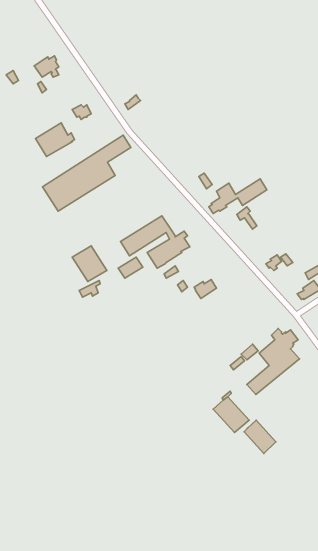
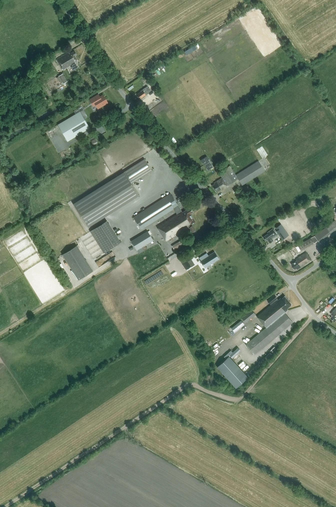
building: [42,135,131,211] -> [73,159,152,227]
building: none -> [62,245,93,280]
building: [244,420,276,454] -> none

